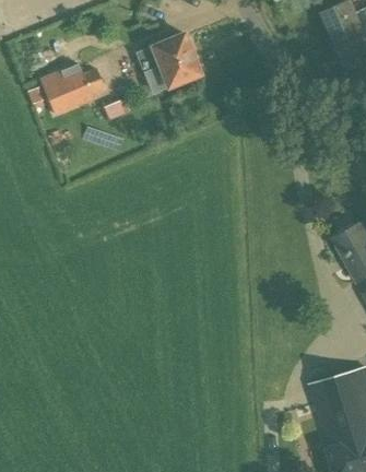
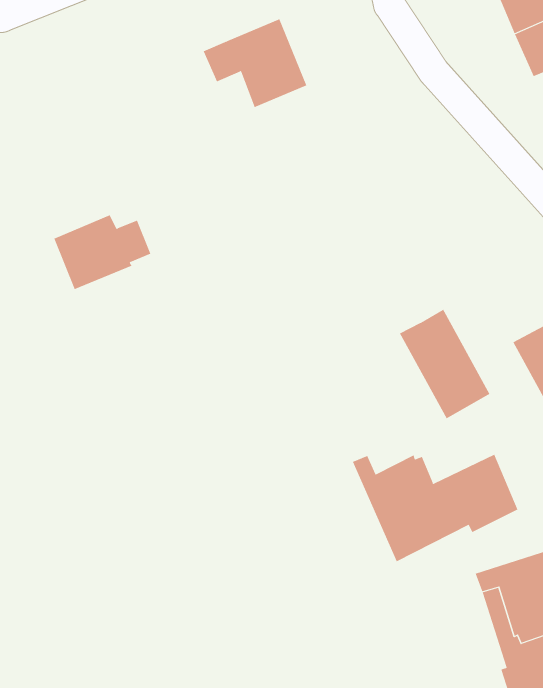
building: [40,63,103,111] -> [54,215,151,290]
building: none -> [399,308,490,419]
building: none -> [352,454,518,562]

